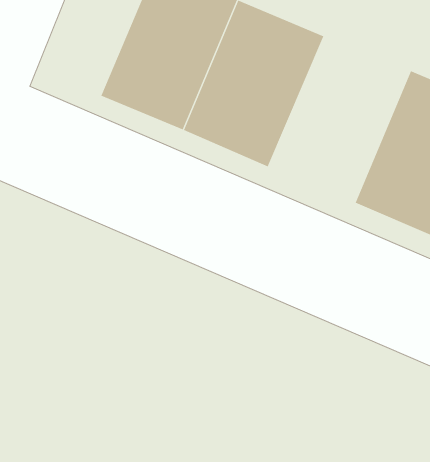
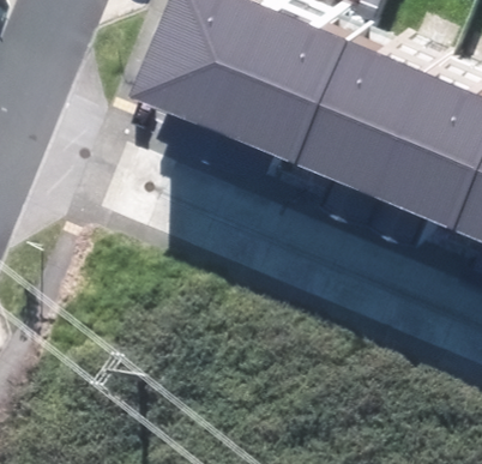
building: none -> [297,41,432,199]

